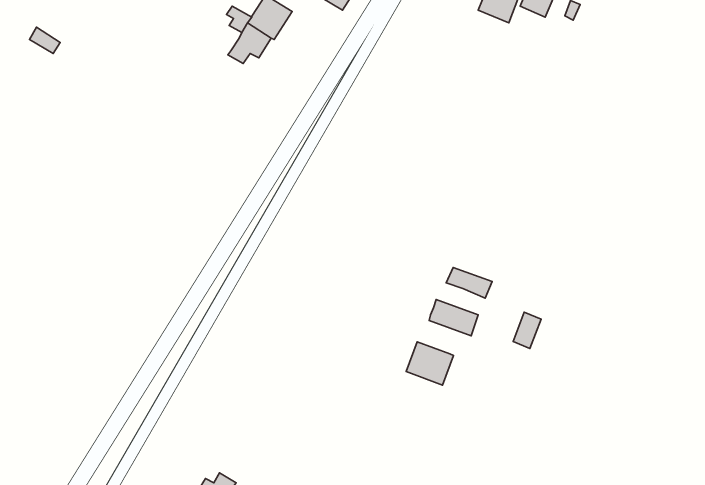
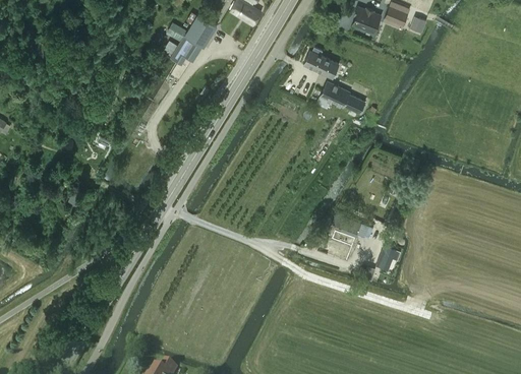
building: none -> [303,46,339,76]
building: none -> [320,80,366,114]
building: [406,342,453,385] -> none

